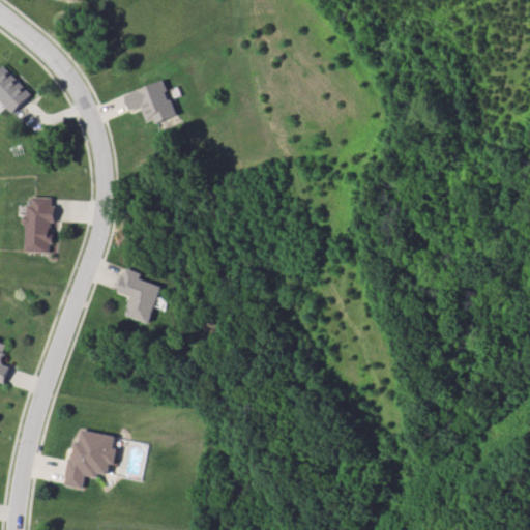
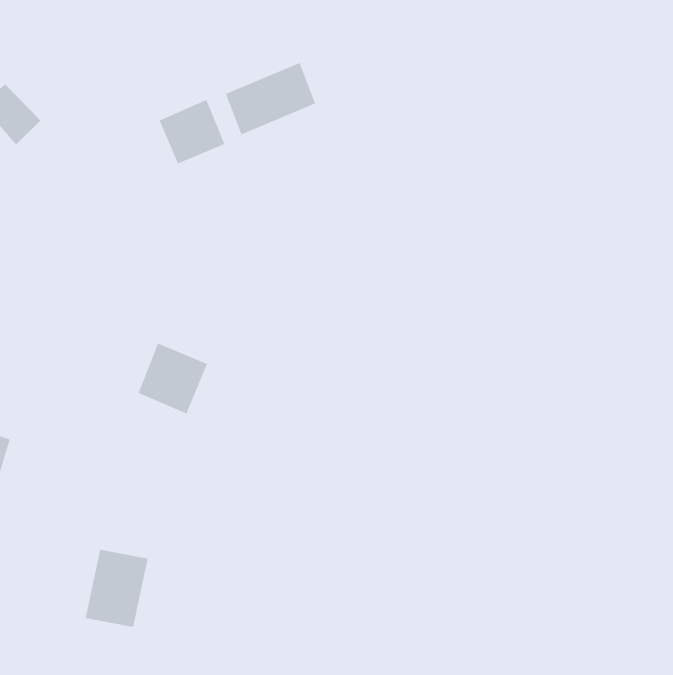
building: none -> [225,62,316,135]
building: [23,197,56,251] -> none

